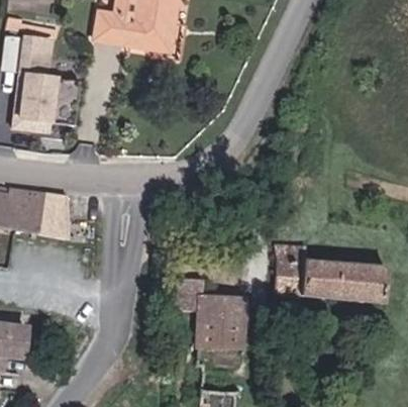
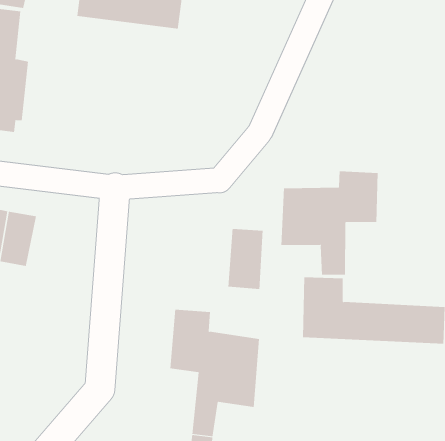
building: none -> [281,171,378,276]
building: none -> [228,228,263,290]

